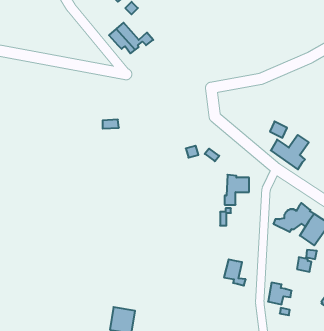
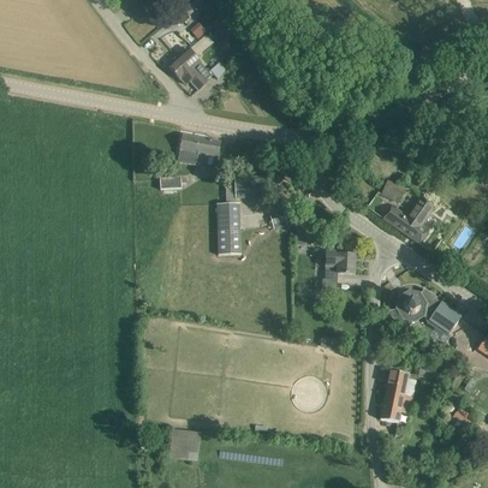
building: none -> [177,133,220,165]
building: none -> [216,185,239,254]
building: [224,259,246,286] -> [383,369,412,404]

